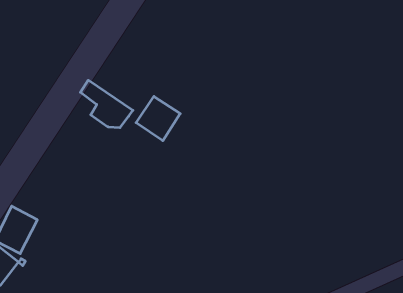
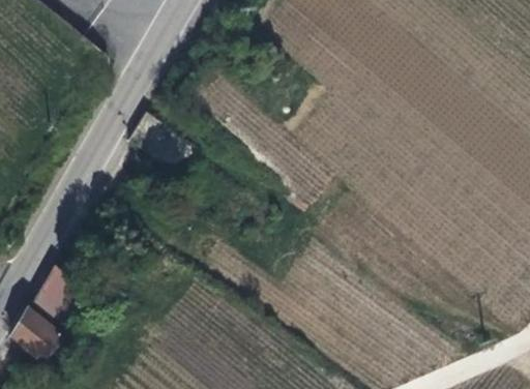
building: [136,96,180,141] -> none

